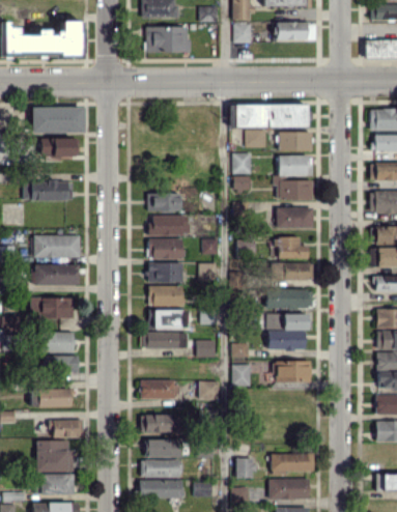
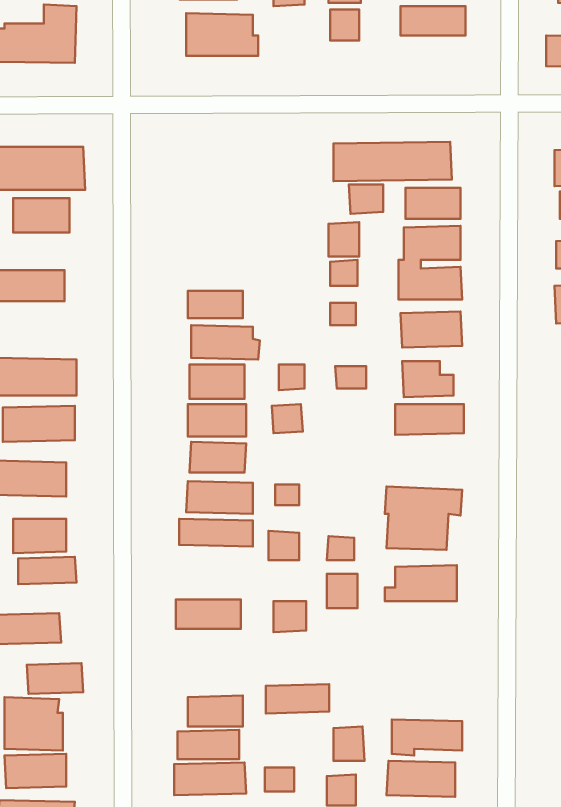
building: [266,289,312,308] -> none
building: [141,415,179,432] -> [266,684,329,713]

